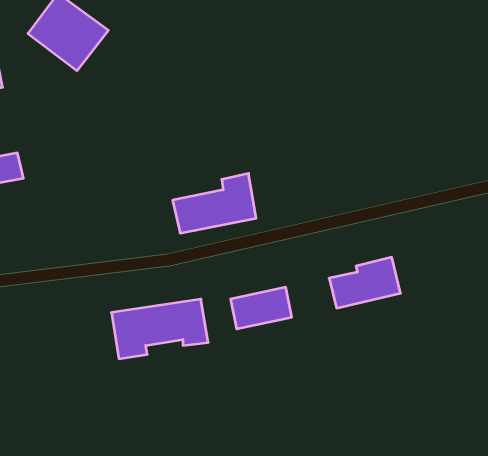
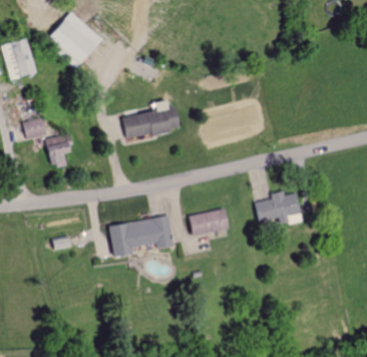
building: [173,173,256,233] -> [120,99,176,139]
building: none -> [44,134,73,168]

